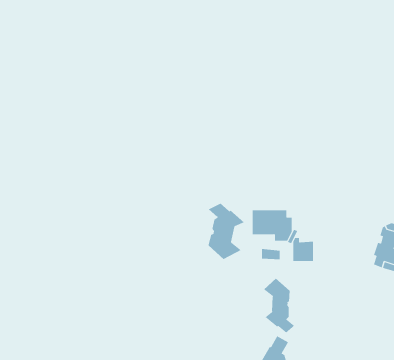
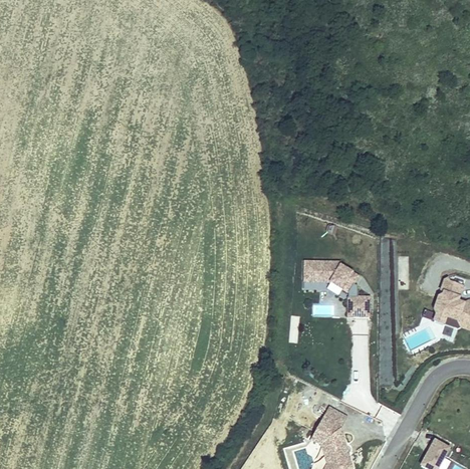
building: [208,203,245,260] -> none
building: [263,278,295,333] -> none

